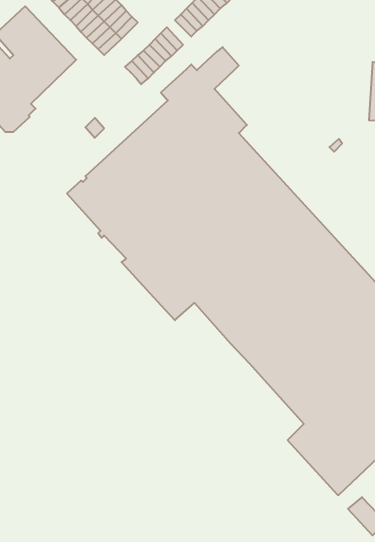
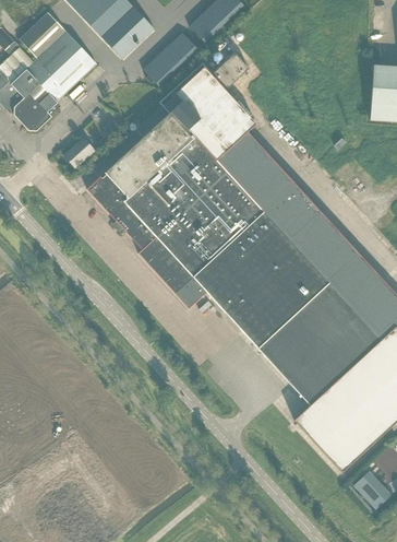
building: none -> [64,137,95,167]

